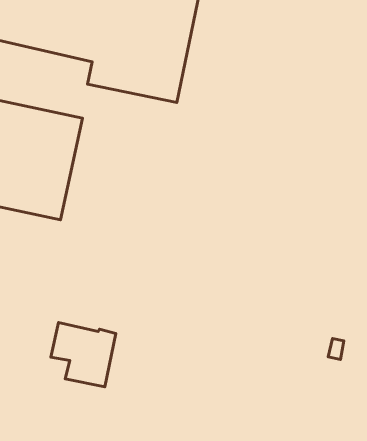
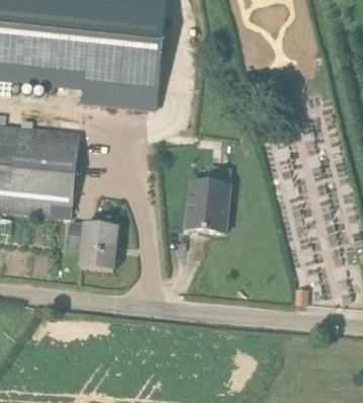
building: none -> [186,179,229,231]
building: [51,322,116,387] -> [67,220,117,267]

